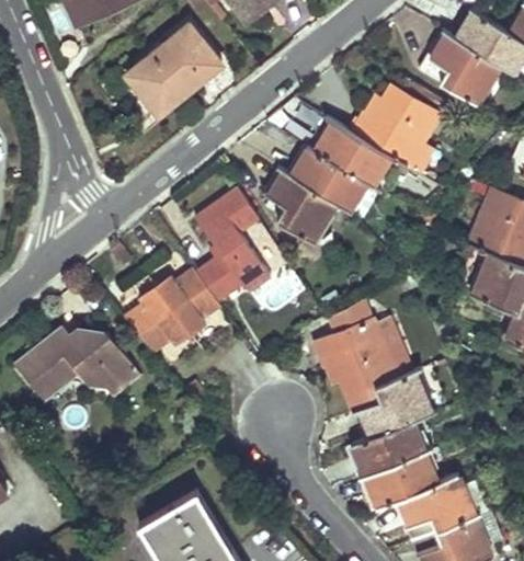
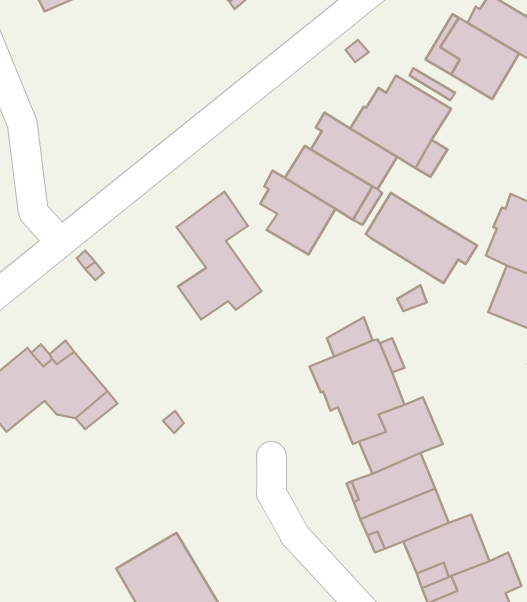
building: [126,23,223,116] -> none
building: none -> [366,193,477,283]
building: [124,270,219,353] -> none

